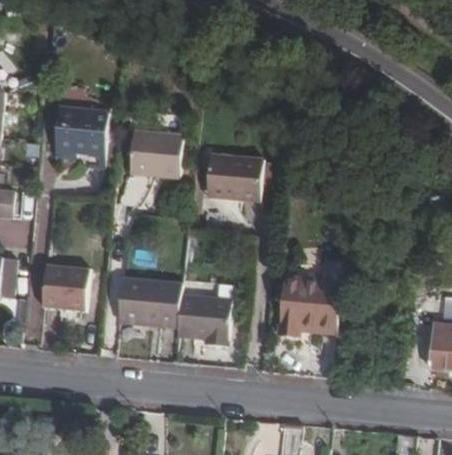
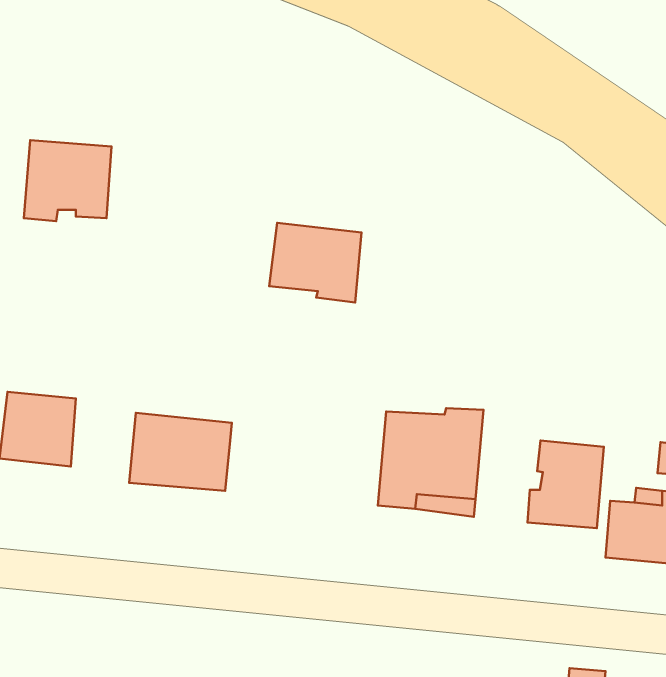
building: [127,114,182,176] -> none
building: none -> [528,440,604,528]
building: [177,295,234,346] -> none

